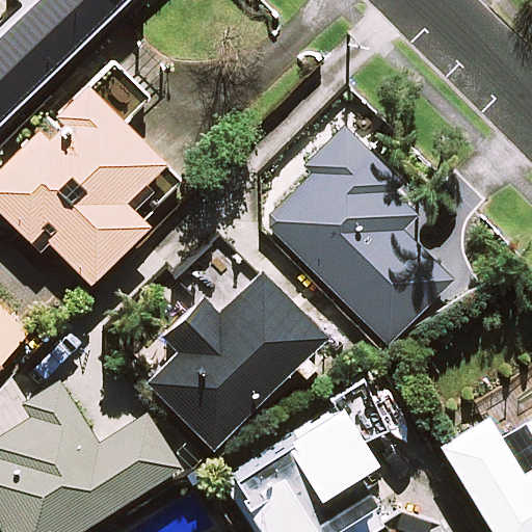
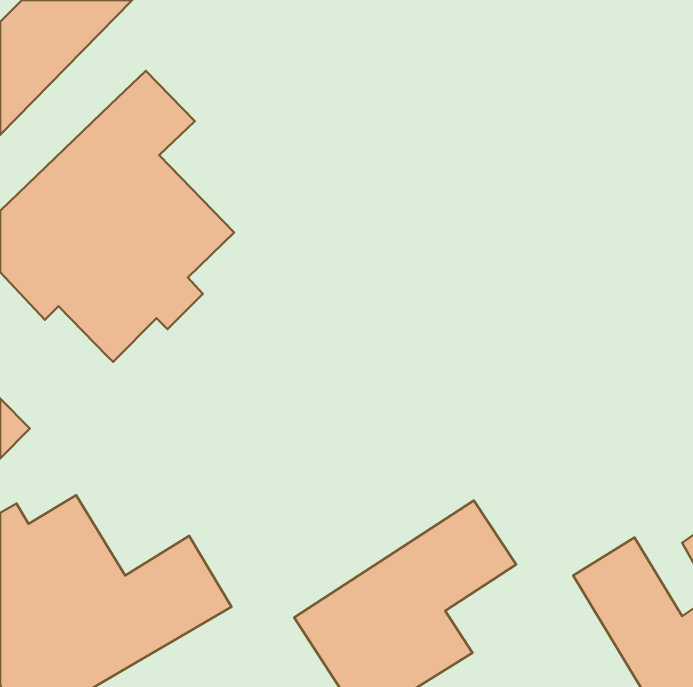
building: [261,131,453,347] -> none
building: [145,261,342,449] -> none

